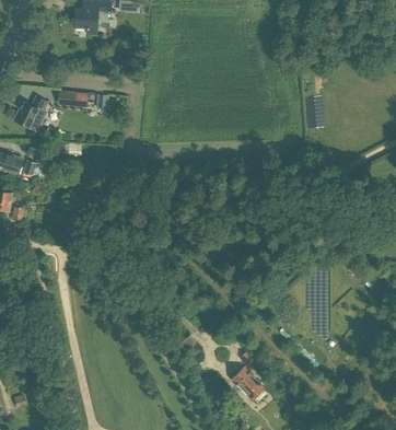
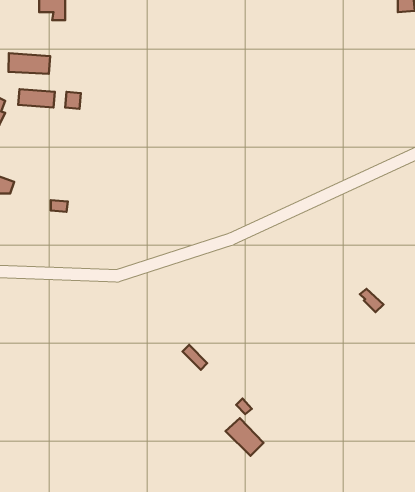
building: none -> [9,53,50,74]

